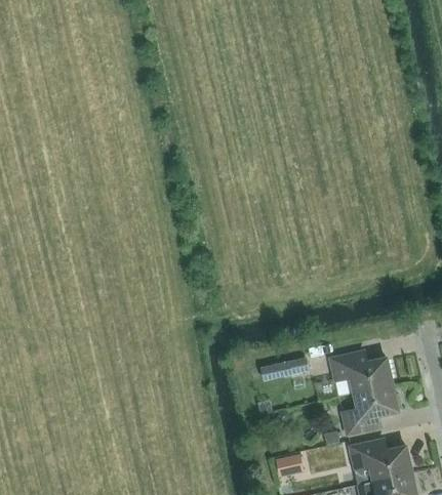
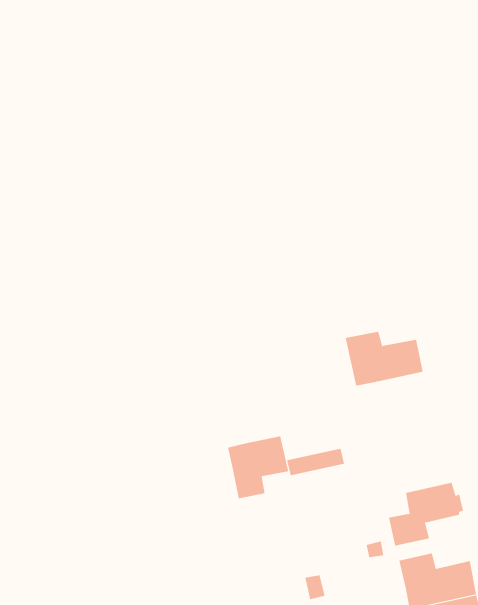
building: none -> [227,436,289,499]
building: [330,353,392,396] -> [345,331,423,386]

